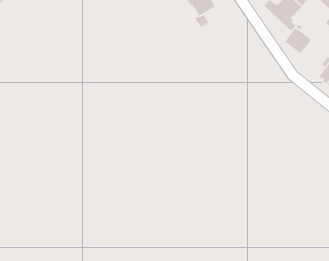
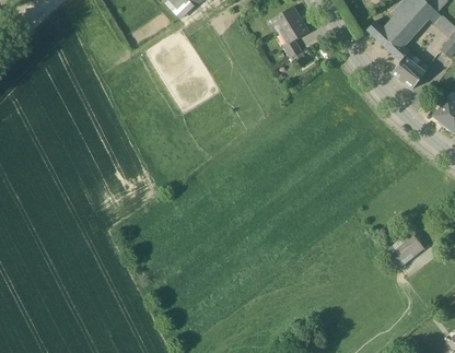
building: none -> [386,230,424,267]

